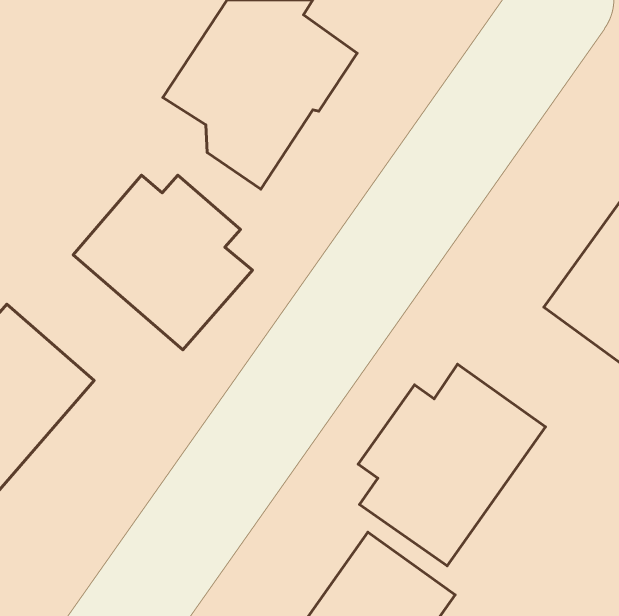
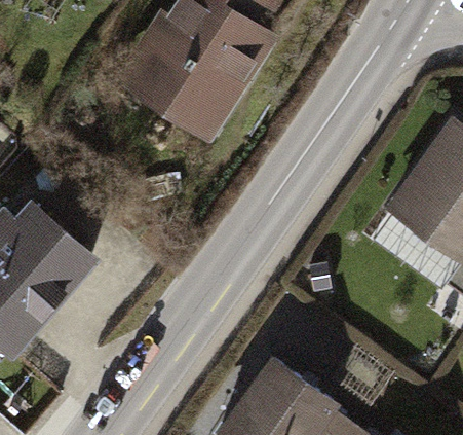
building: [73,175,252,350] -> none
building: [358,364,546,566] -> none

